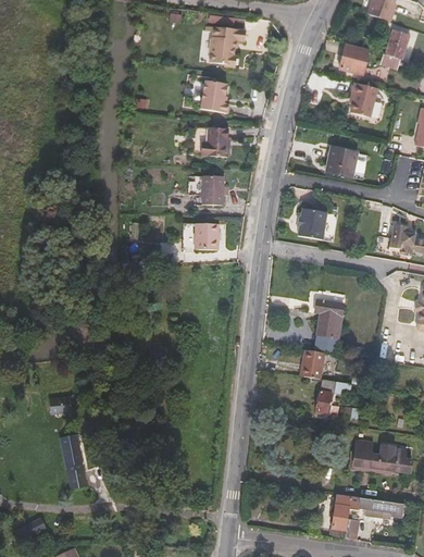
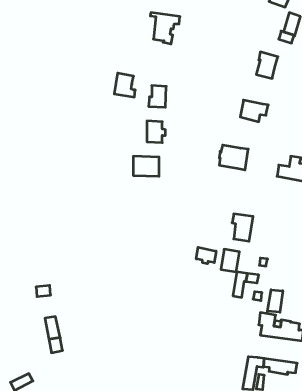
building: [338,45,367,74] -> none
building: [200,81,228,113] -> [114,73,135,97]
building: none -> [196,247,216,264]
building: none -> [267,290,283,312]

